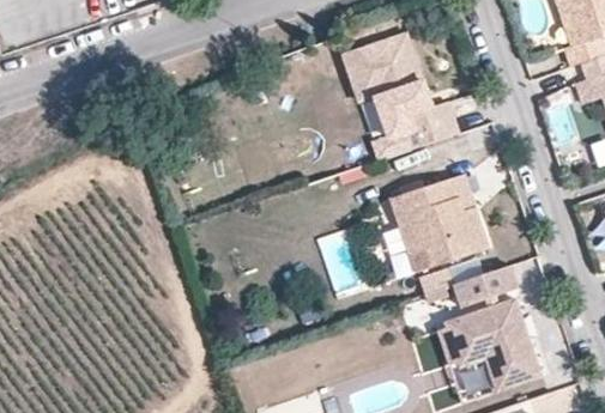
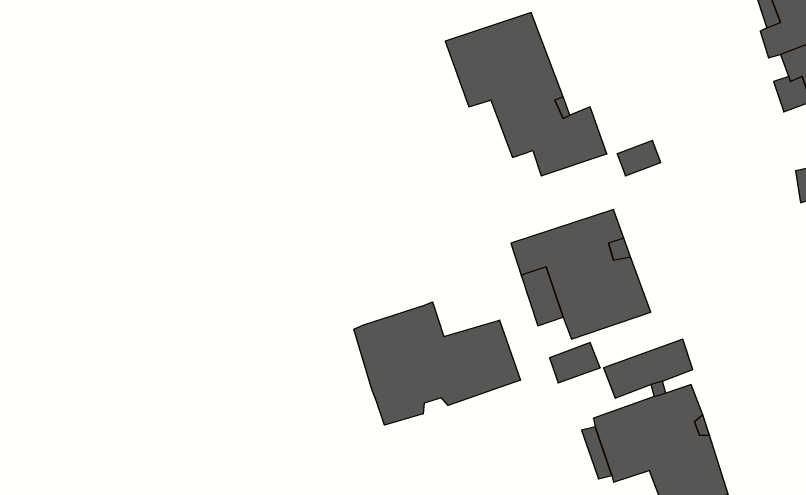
building: none -> [354,302,520,425]

